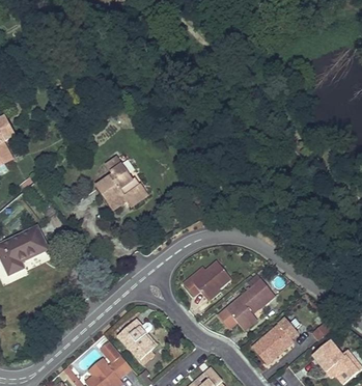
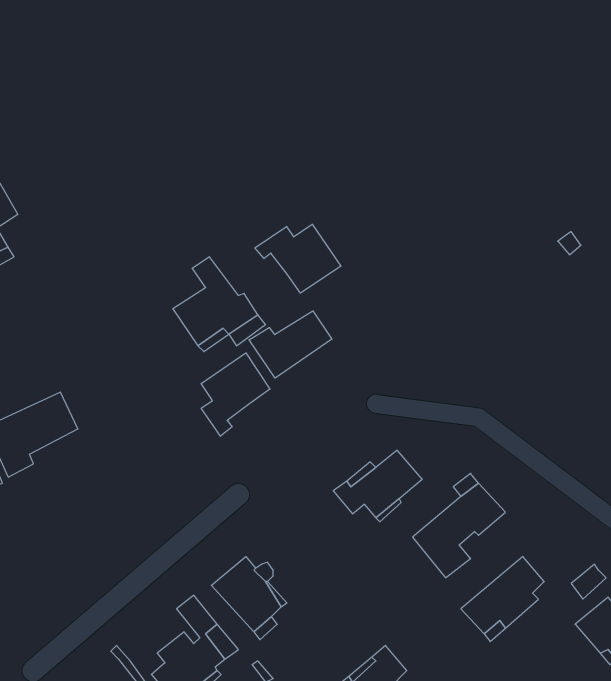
building: none -> [255,224,341,293]
building: none -> [249,311,332,378]
building: none -> [201,353,270,436]

